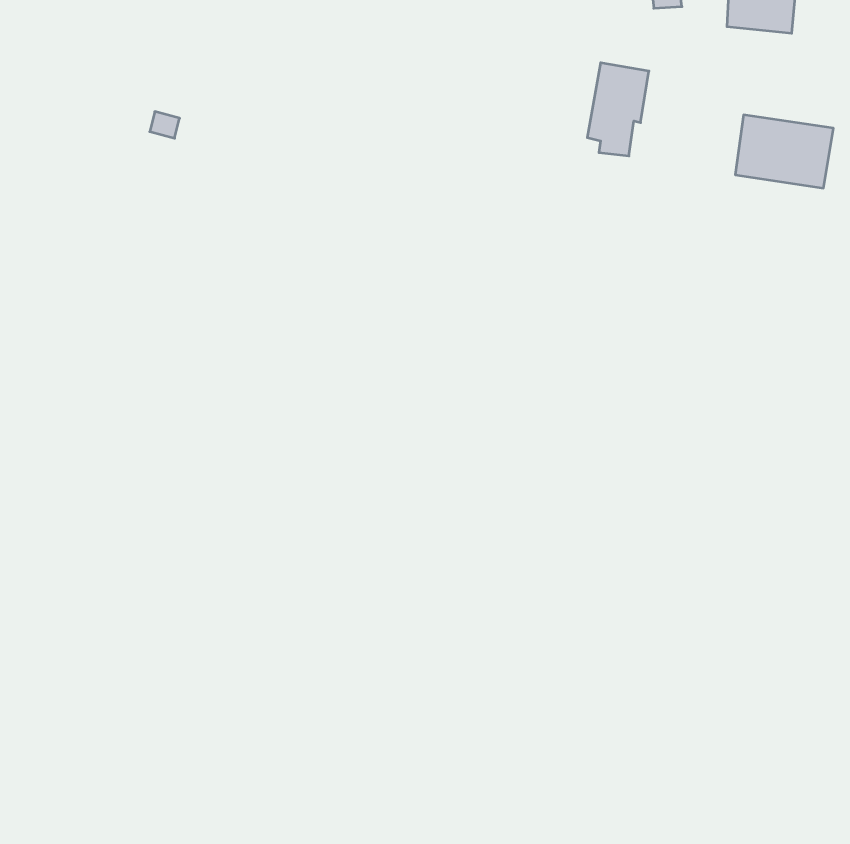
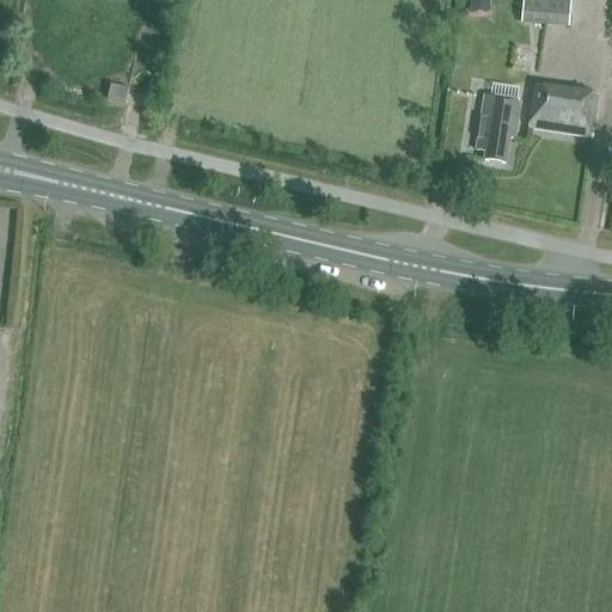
building: [587,63,649,156] -> [476,93,520,160]

